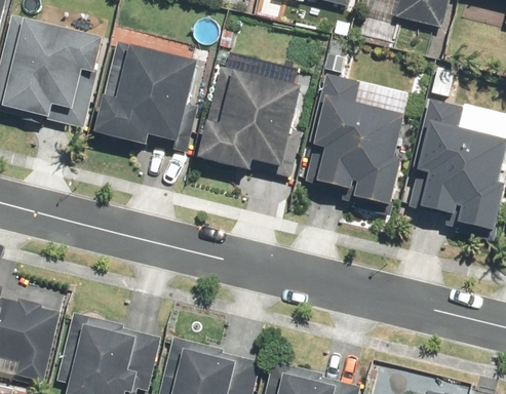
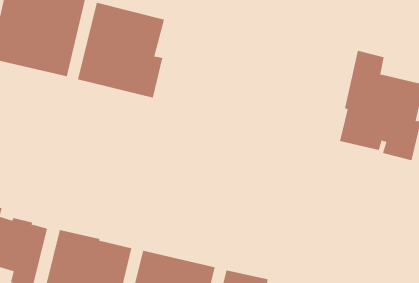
building: [199,66,302,179] -> none
building: [305,73,405,205] -> none

